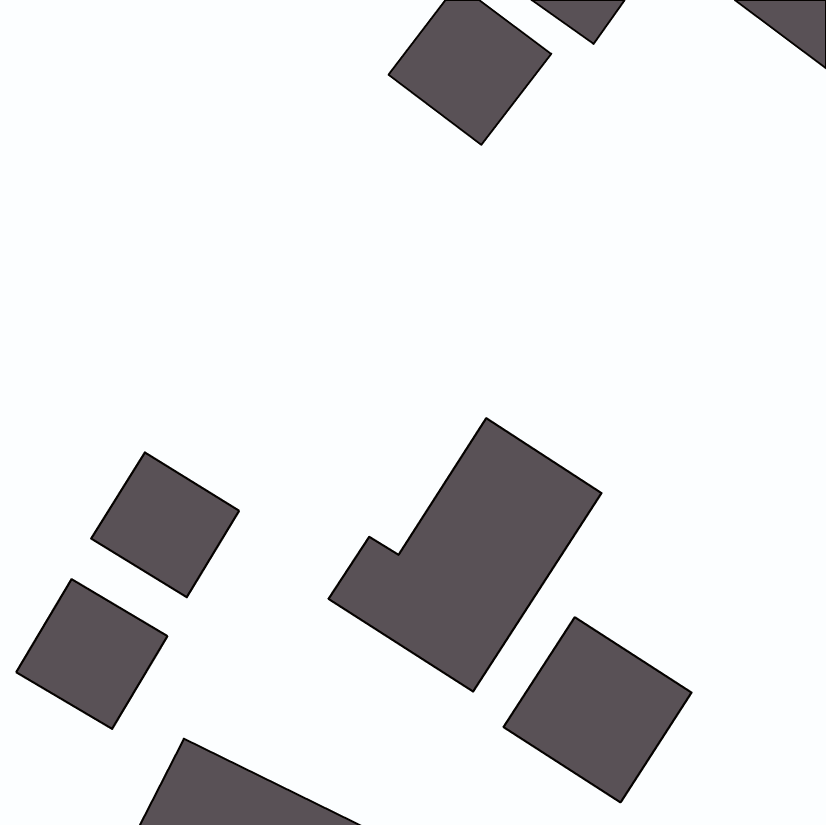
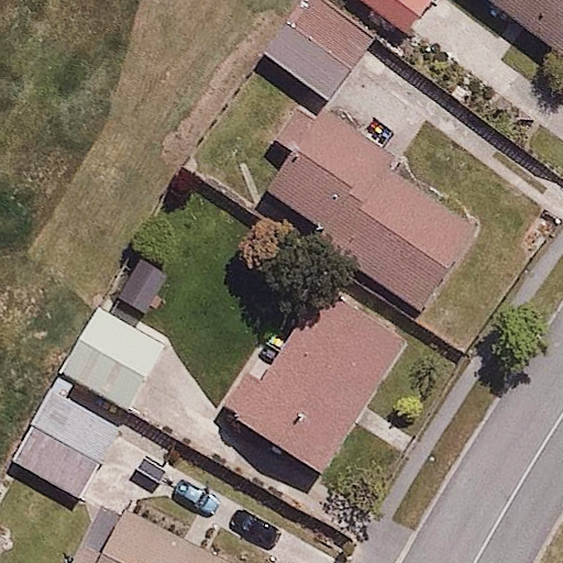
building: none -> [265,112,478,306]
building: [504,617,692,802] -> none

